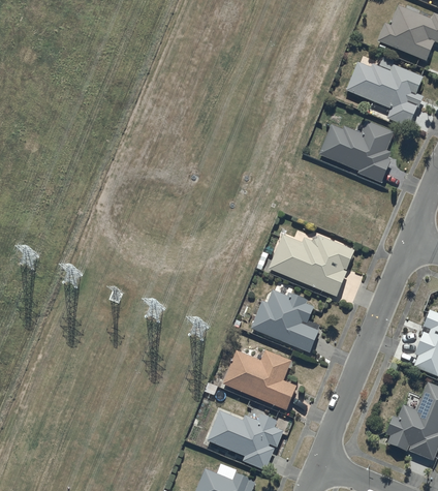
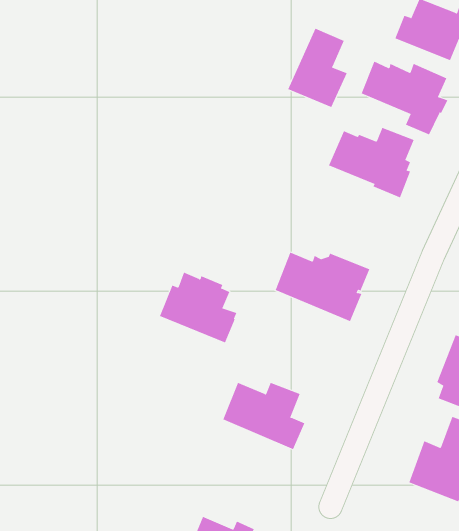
building: none -> [287,28,347,108]
building: [251,288,320,351] -> [159,272,237,343]
building: [208,410,284,470] -> none

